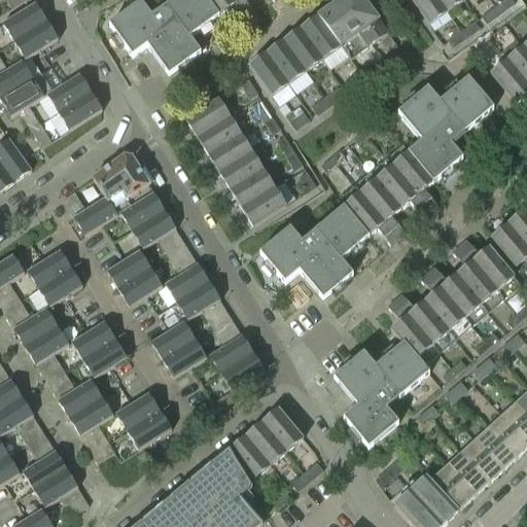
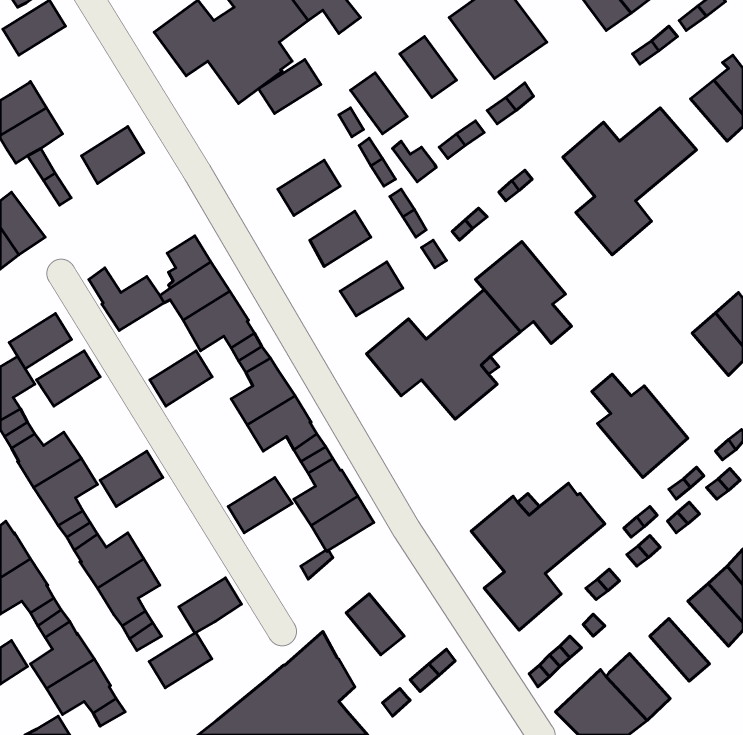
building: [301,12,341,57] -> none
building: [13,19,58,58] -> none
building: [266,38,306,82] -> none
building: [46,72,91,110] -> none
building: [185,96,230,134] -> [258,60,321,113]
building: [208,132,251,170] -> none
building: [370,143,436,215] -> none
building: [93,153,138,209] -> none
building: [230,168,274,206] -> none
building: [452,238,520,310] -> none
building: [38,267,82,306] -> [9,313,72,369]
building: [117,267,162,306] -> none
building: [387,292,455,364] -> none
building: [150,319,195,358] -> none
building: [82,338,127,377] -> none
building: [115,390,160,429] -> [149,633,212,688]
building: [261,406,303,450] -> none
building: [473,425,516,469] -> none
building: [229,433,270,478] -> none
building: [446,450,488,494] -> none

